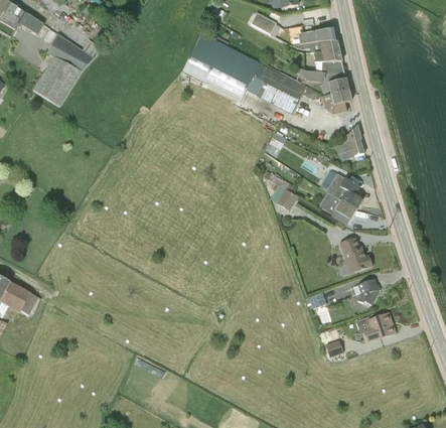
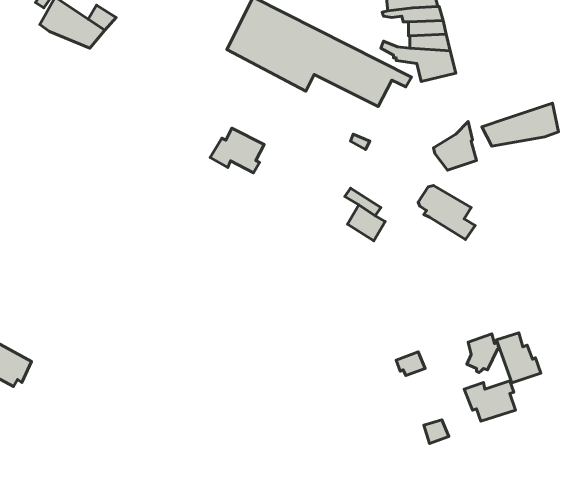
building: [32,58,83,106] -> none
building: [321,89,351,114] -> none
building: none -> [482,103,559,146]
building: none -> [210,128,264,173]
building: [325,193,355,225] -> none
building: [339,237,371,273] -> [497,333,541,383]

